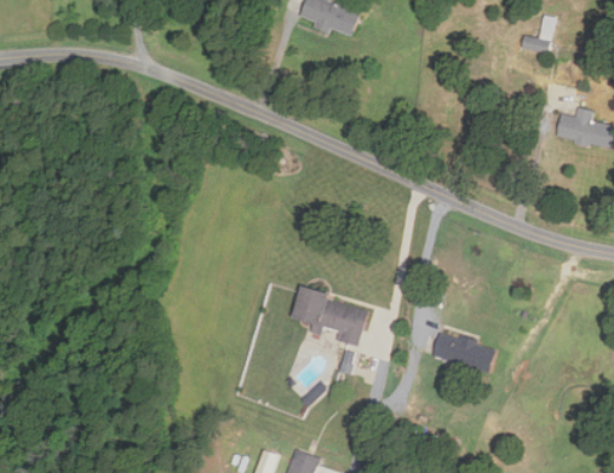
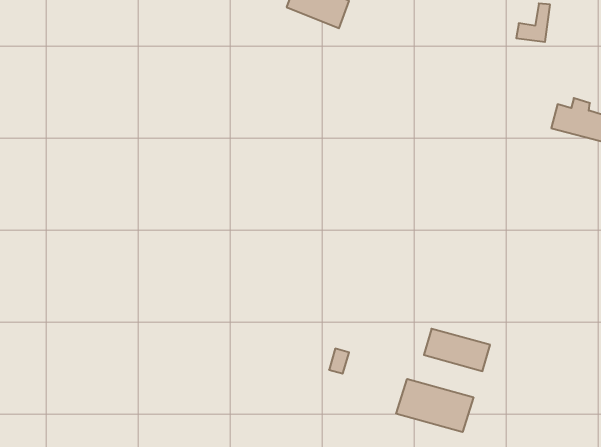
building: [292,287,368,342] -> none
building: none -> [396,379,473,432]

